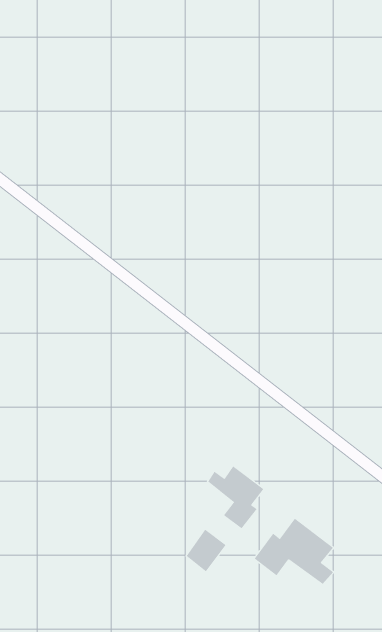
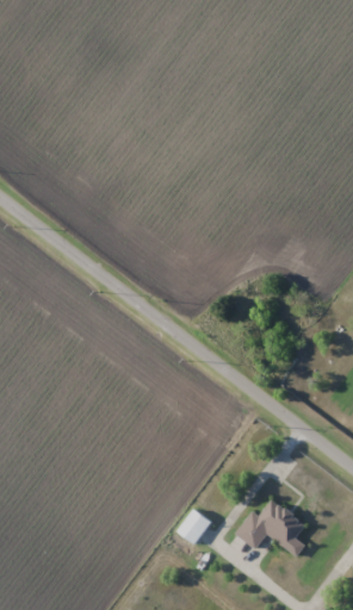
building: [208,465,264,529] -> none

